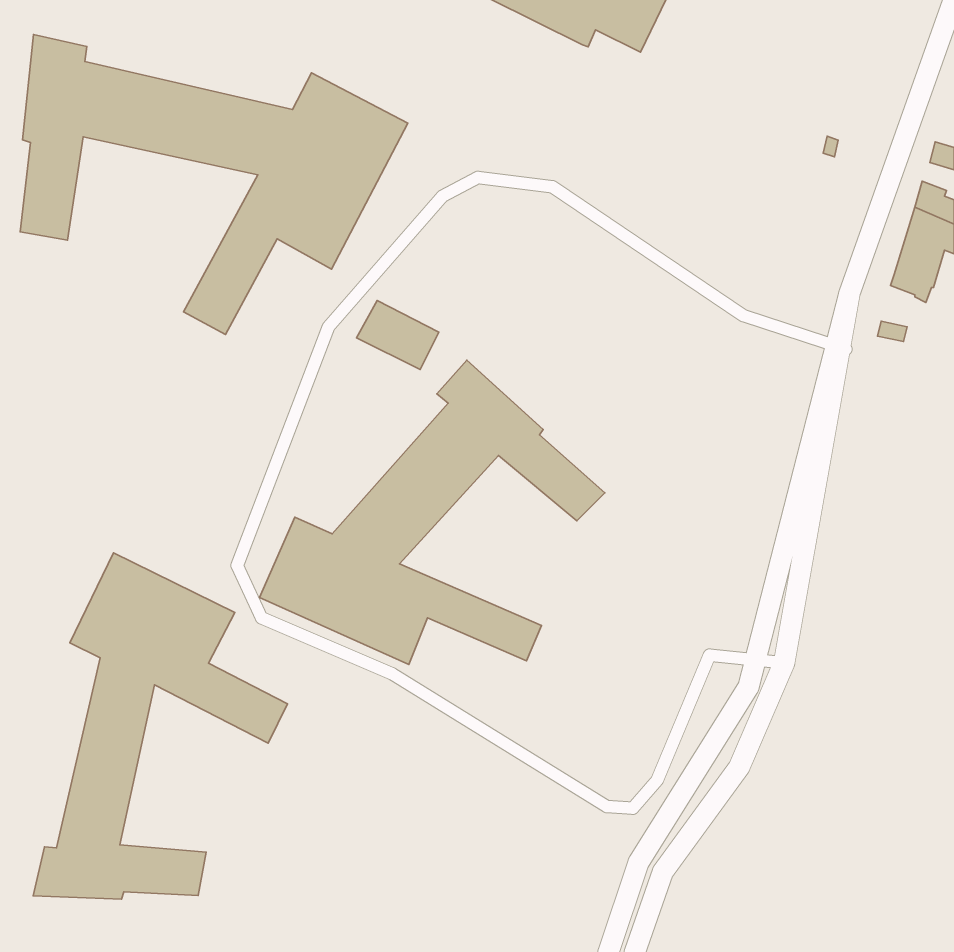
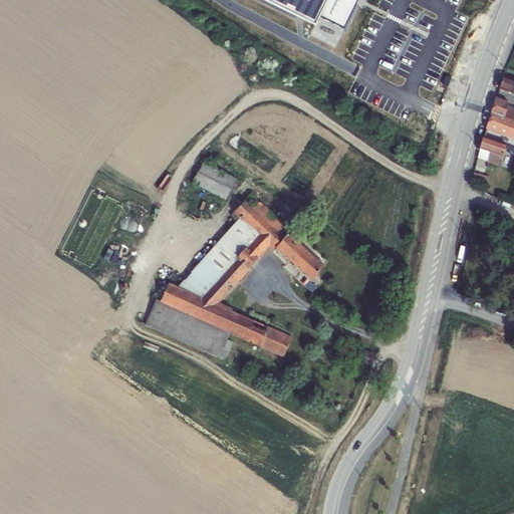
building: [20,34,408,334] -> none
building: [33,553,288,899] -> none

